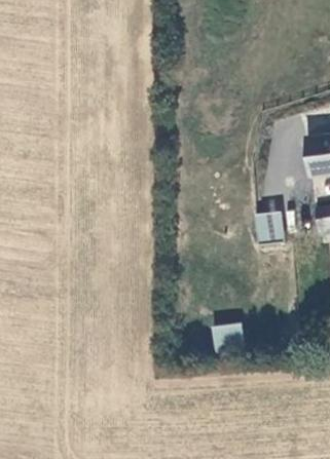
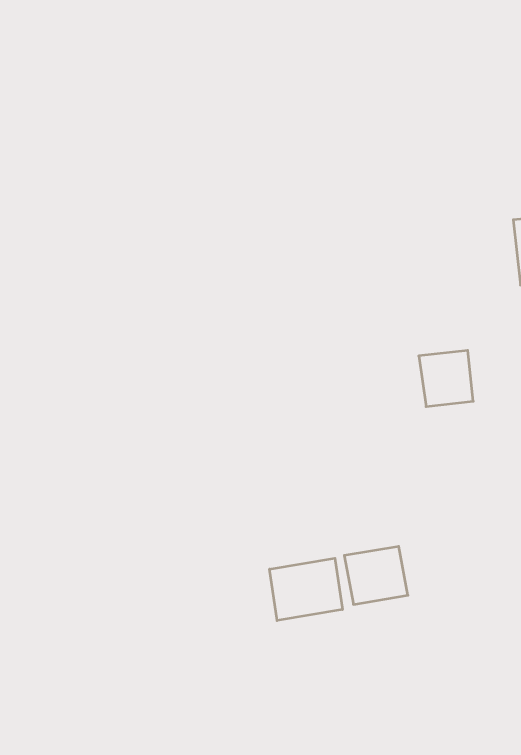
building: none -> [270,558,342,621]

